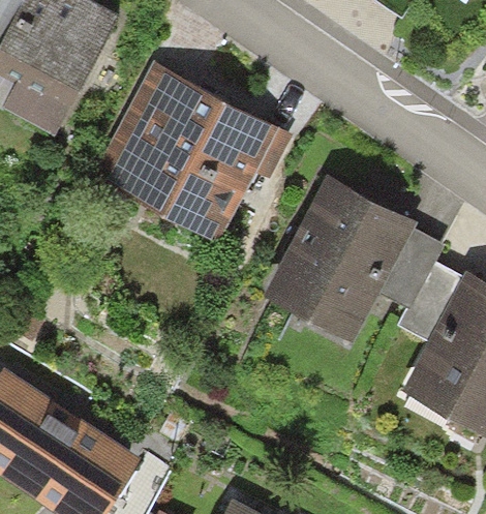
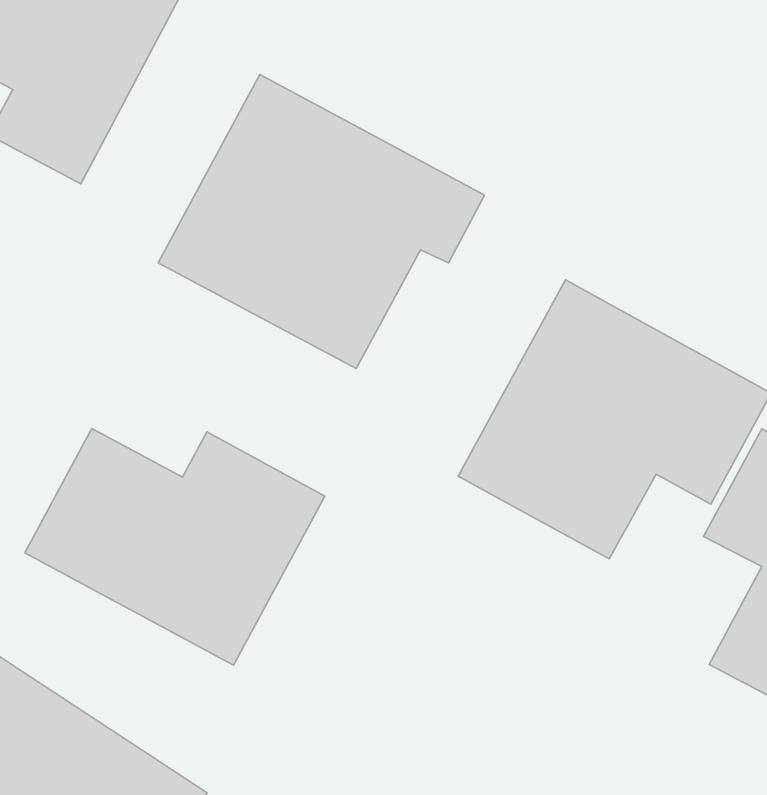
building: none -> [25,429,325,665]

